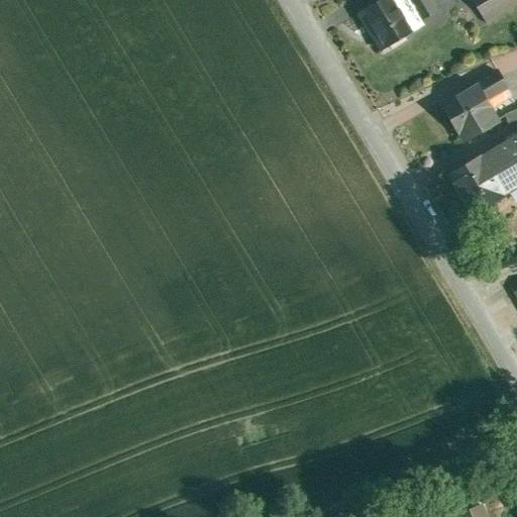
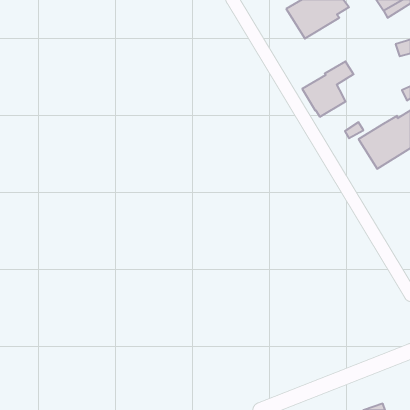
building: [444,70,509,139] -> [302,61,354,117]

